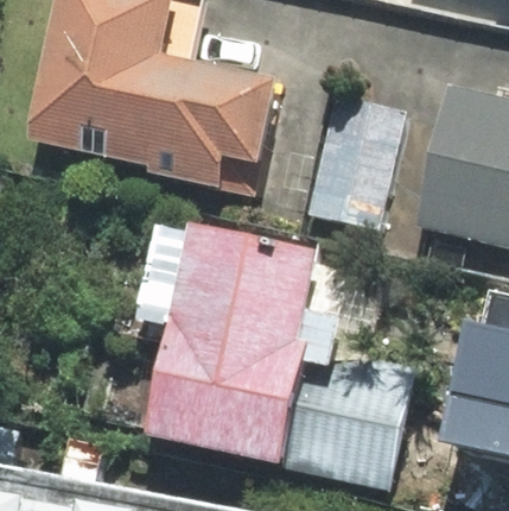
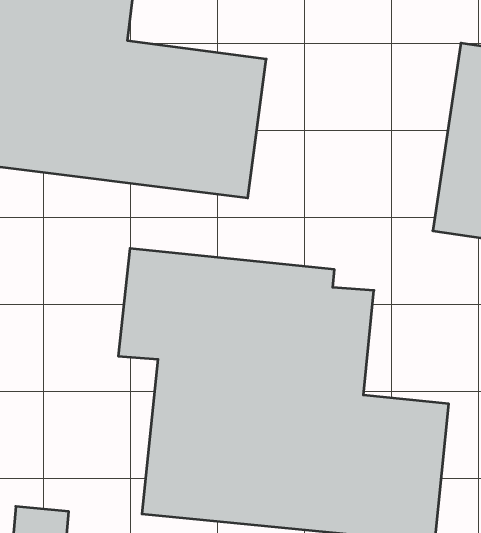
building: [303,92,402,233] -> none

